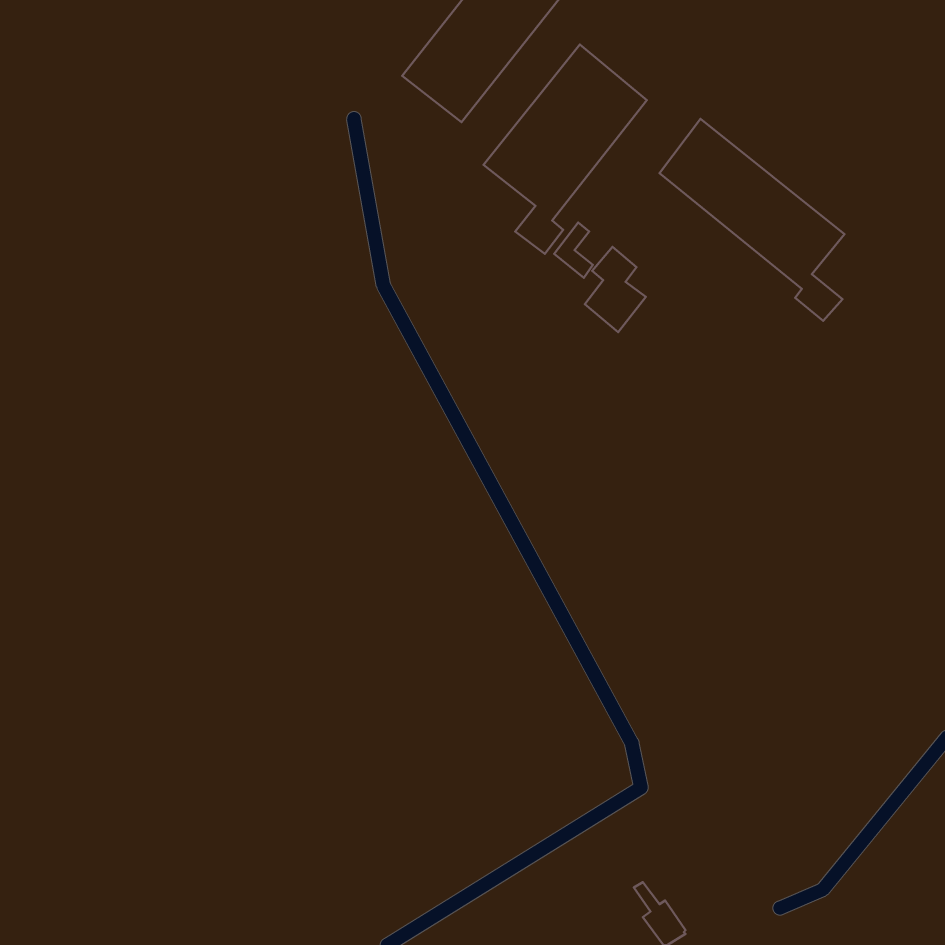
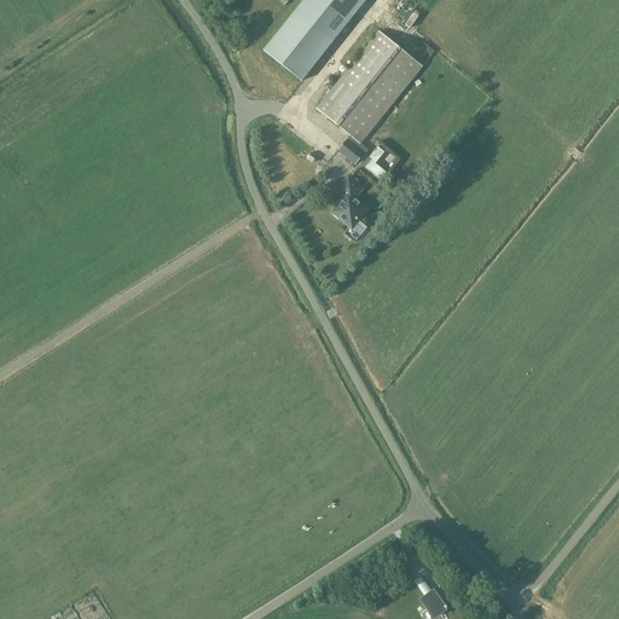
building: [660,119,845,321] -> none
building: [585,247,646,332] -> [331,174,371,230]

